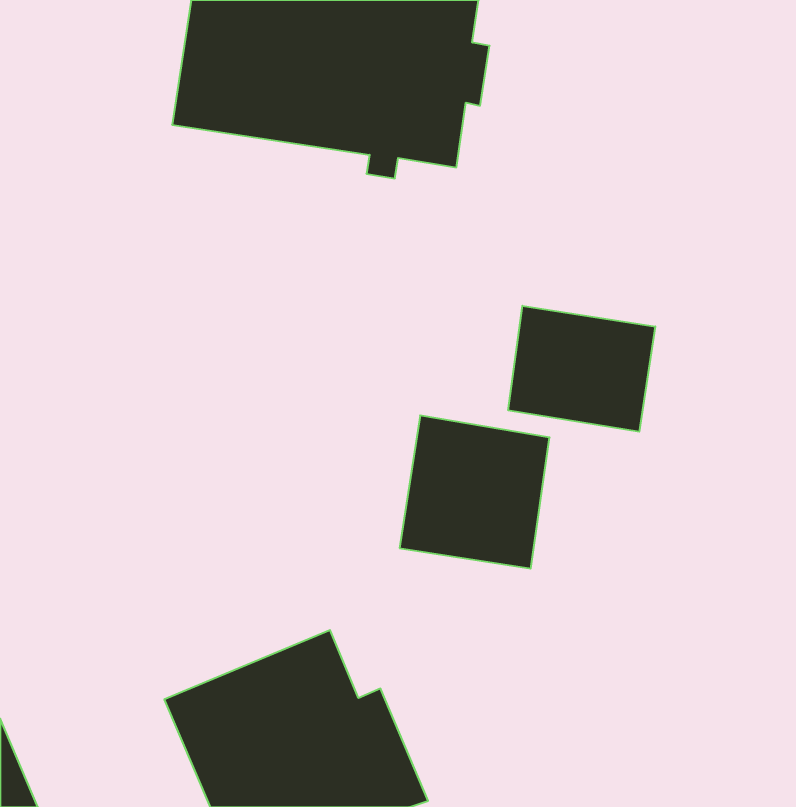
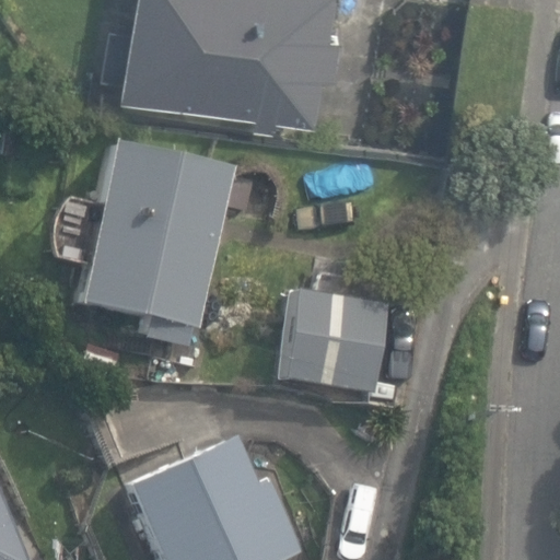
building: none -> [72,141,232,338]
building: [508,306,655,432] -> none

